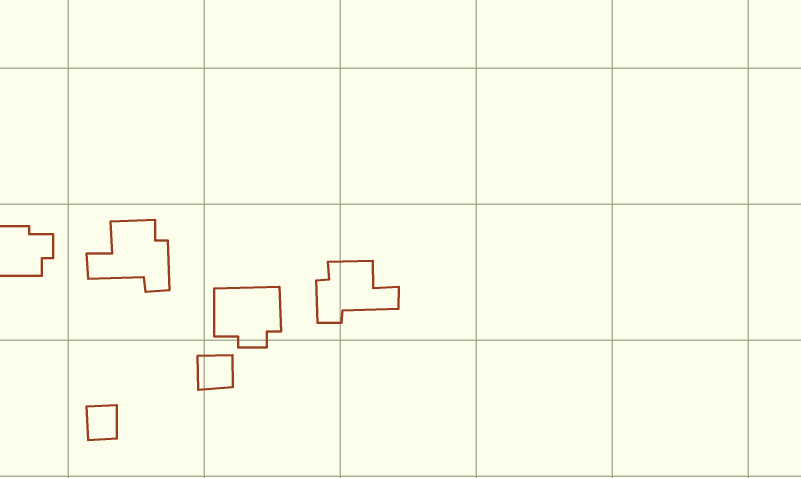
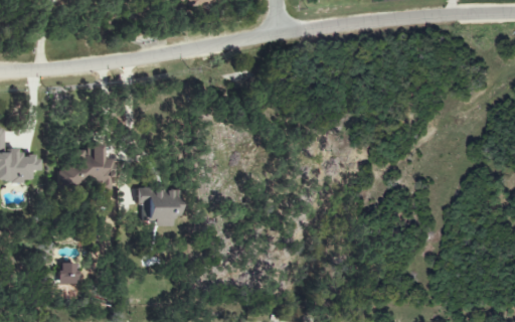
building: [316,261,399,323] -> none
building: [198,355,233,390] -> none

